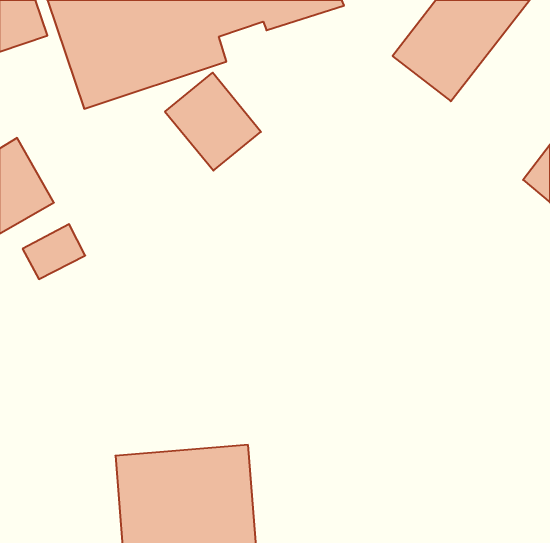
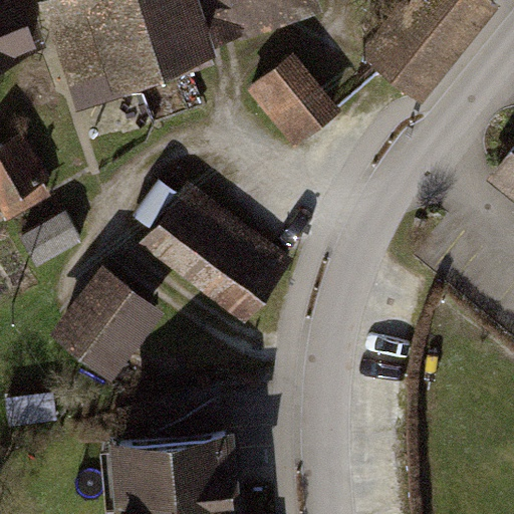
building: [165,73,261,171] -> [247,52,336,144]
building: none -> [143,187,286,320]
building: none -> [45,261,160,377]

